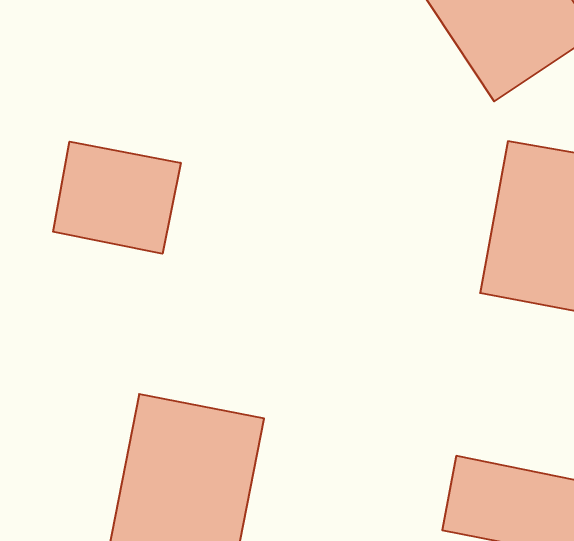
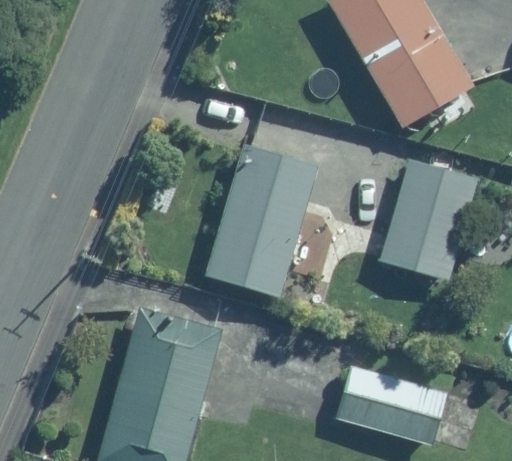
building: [53,142,181,254] -> none
building: none -> [208,148,315,296]

